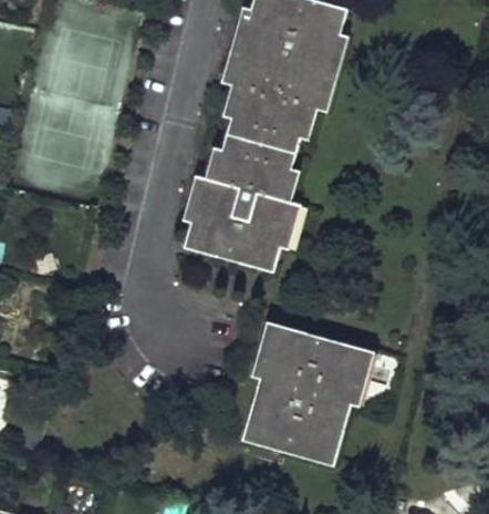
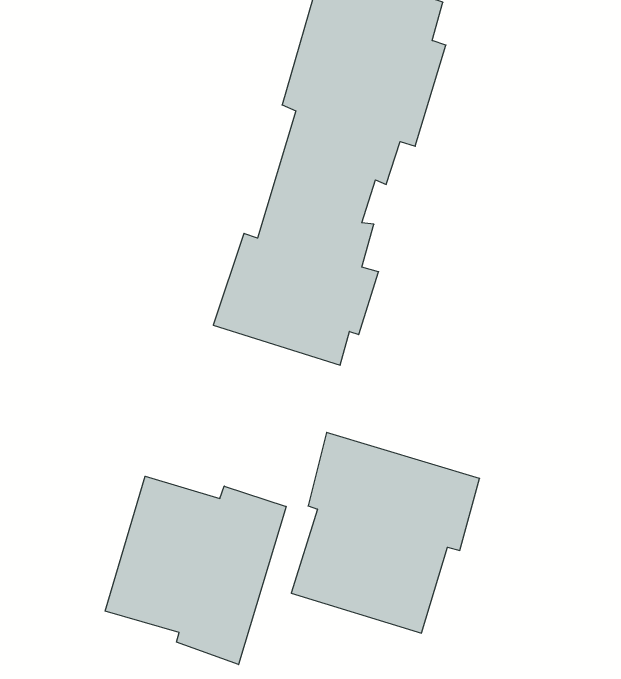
building: none -> [105,476,286,665]

